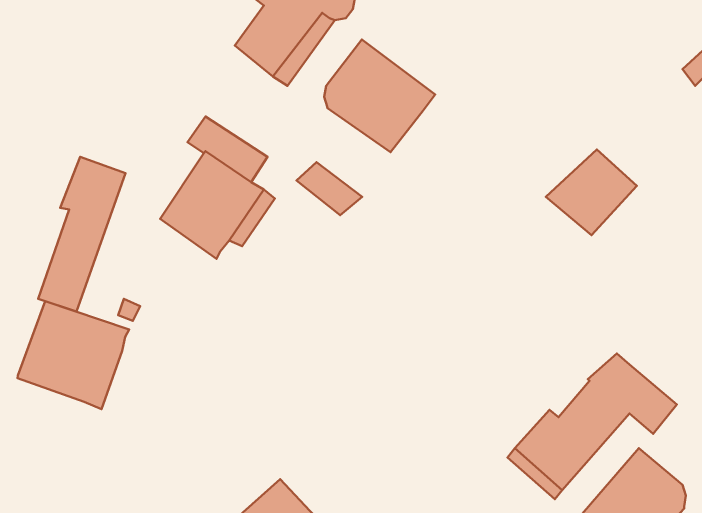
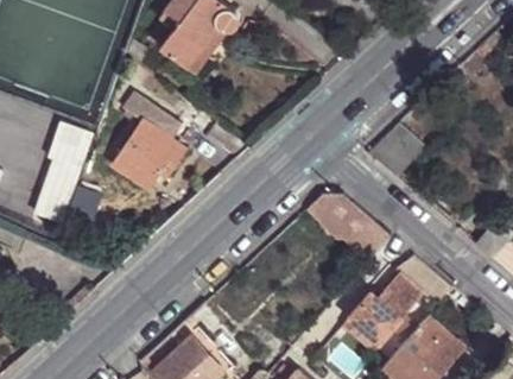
building: [324,40,435,152] -> none
building: none -> [305,189,388,258]
building: [18,301,129,409] -> none

